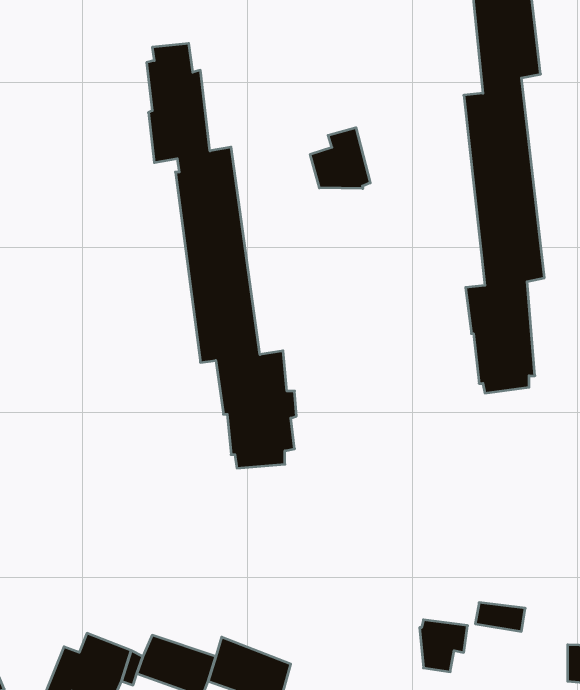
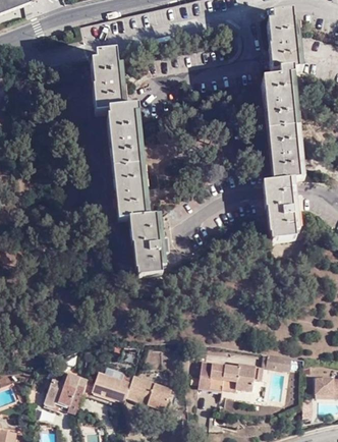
building: [310,128,370,189] -> none
building: none -> [200,364,239,393]

